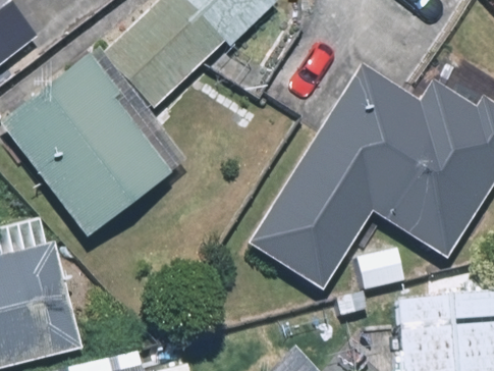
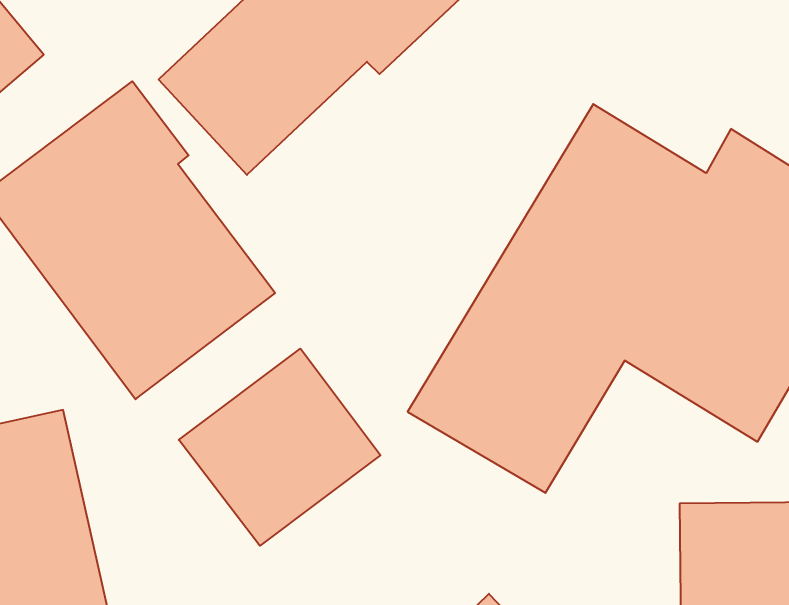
building: none -> [179,349,380,546]

